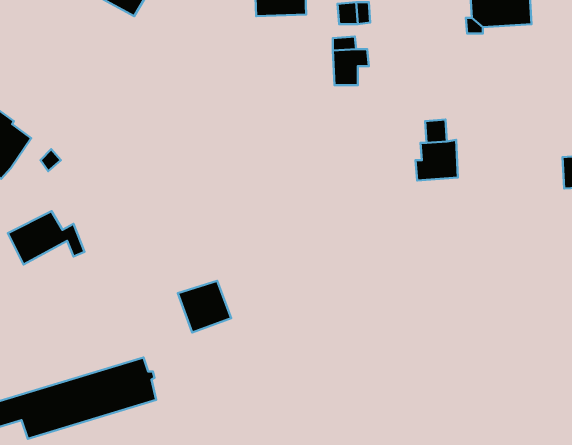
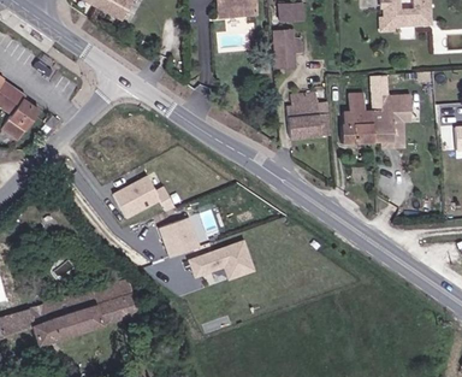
building: none -> [367,72,411,140]
building: none -> [289,99,320,141]
building: [8,211,84,264] -> [114,177,173,218]
building: none -> [189,242,253,281]

